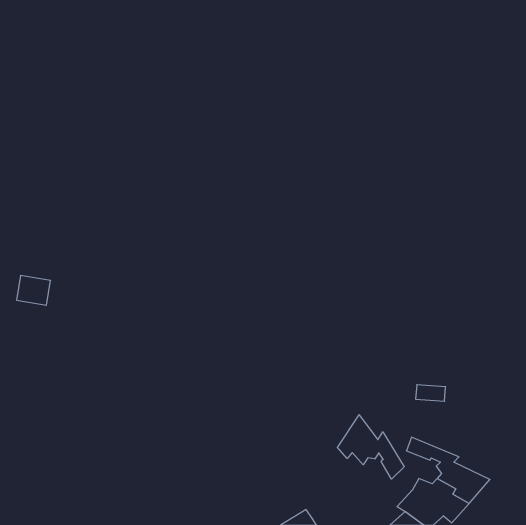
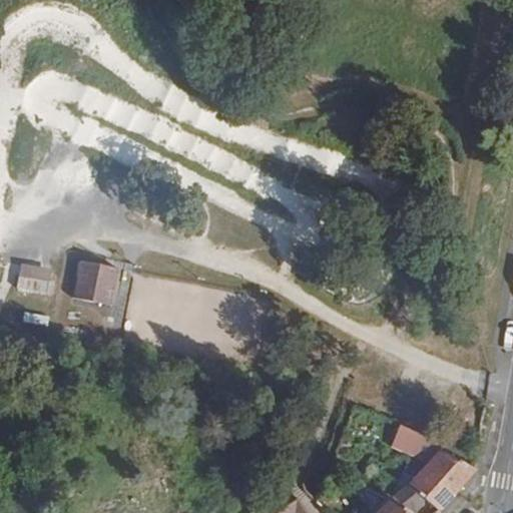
building: none -> [73,264,115,313]
building: [337,415,404,479] -> none

